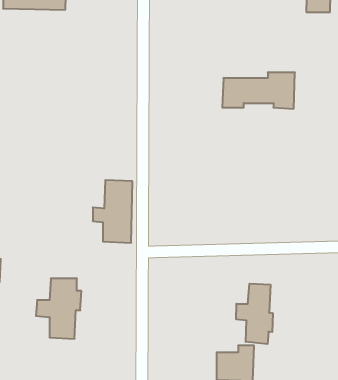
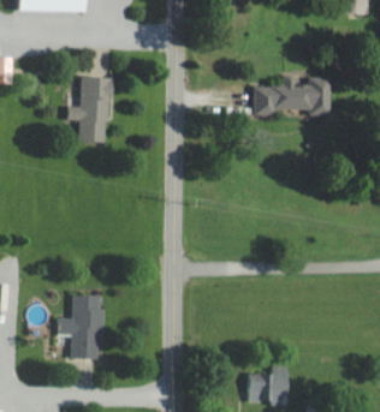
building: [93,180,132,243] -> [67,77,109,143]
building: [236,284,273,344] -> none

